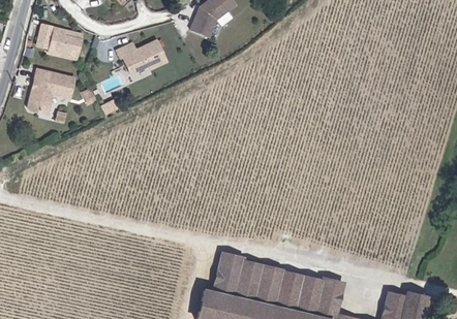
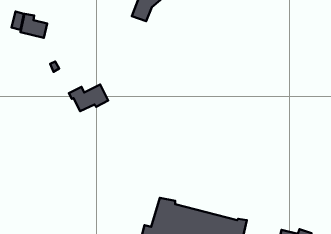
building: [118,33,169,67] -> [69,84,108,111]
building: [31,62,78,104] -> none

